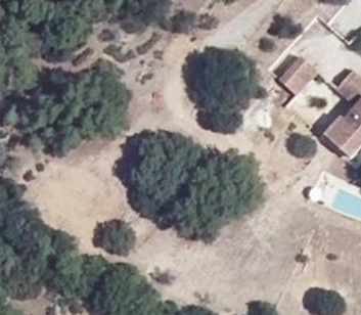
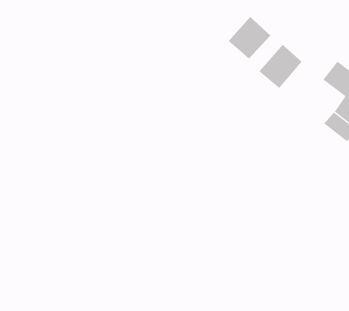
building: none -> [228,16,271,59]

